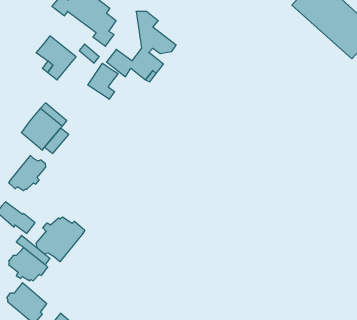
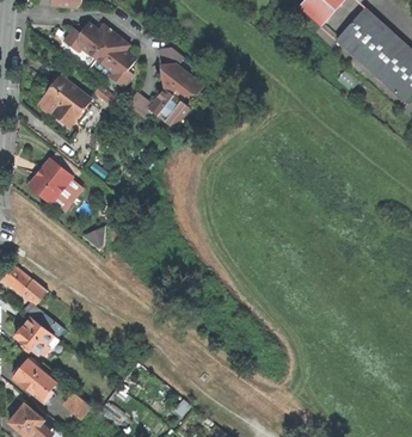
building: [88,63,118,99] -> none
building: [9,156,45,191] -> none
building: [36,217,85,262] -> none

